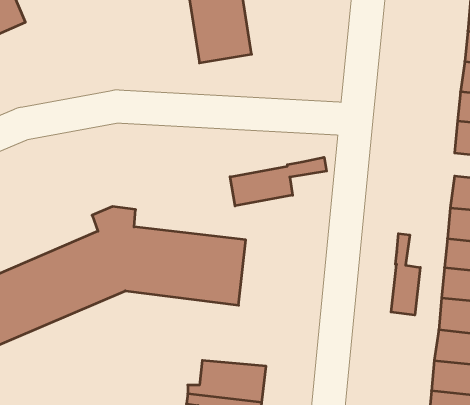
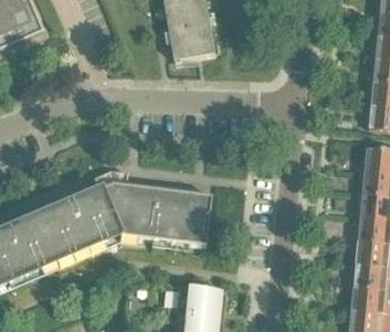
building: [230,157,327,206] -> none
building: [391,234,420,315] -> none

